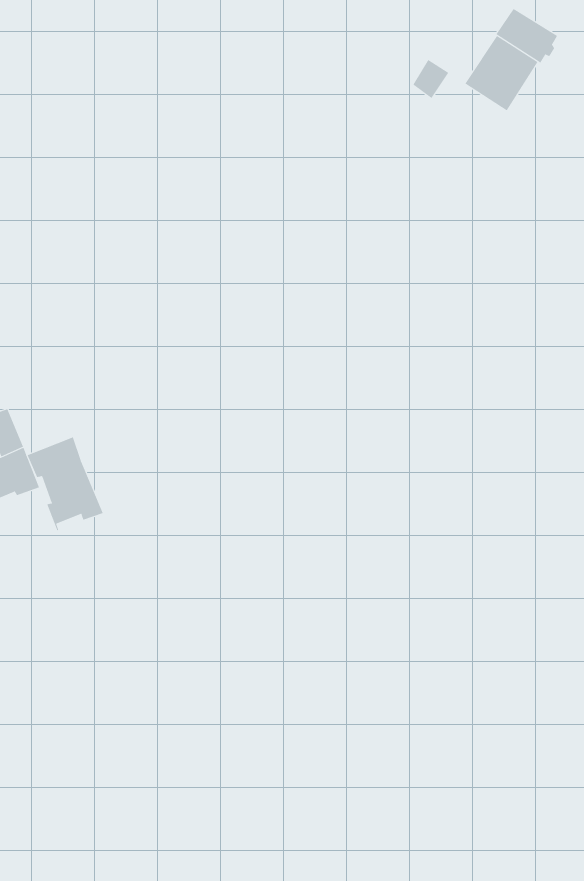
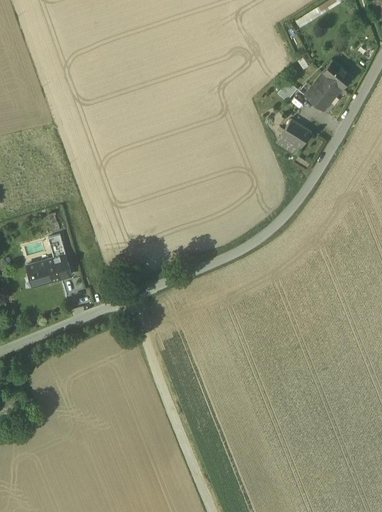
building: none -> [280,120,310,157]
building: [27,437,103,532] -> none

